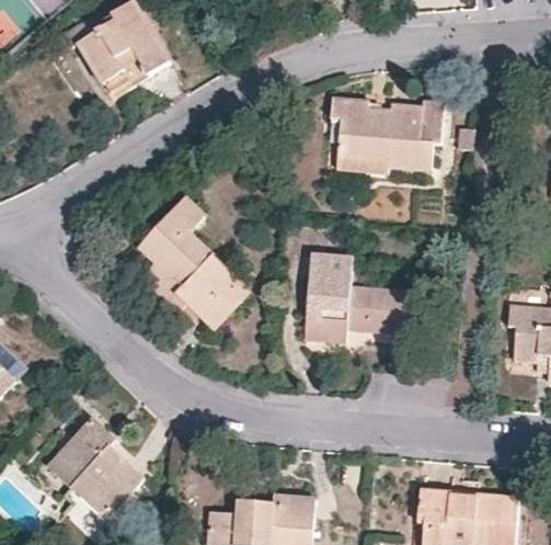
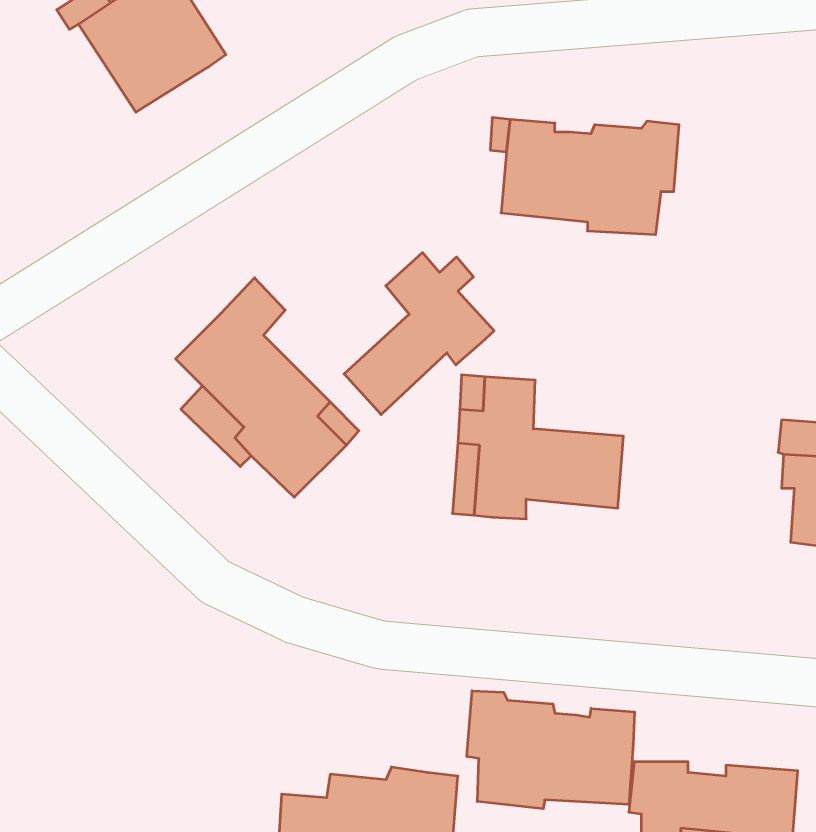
building: none -> [344,253,494,415]
building: [44,420,140,522] -> none
building: none -> [467,691,635,809]

